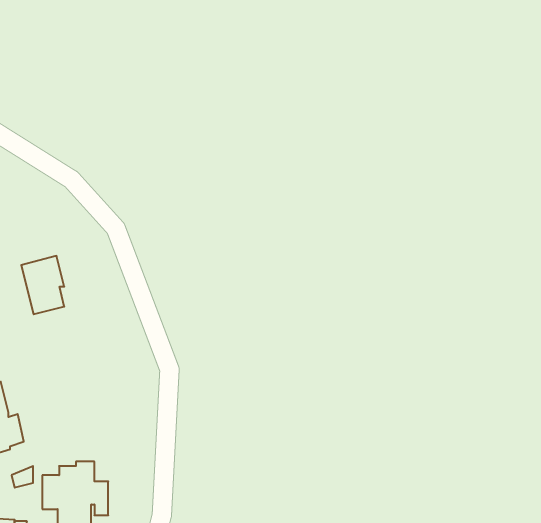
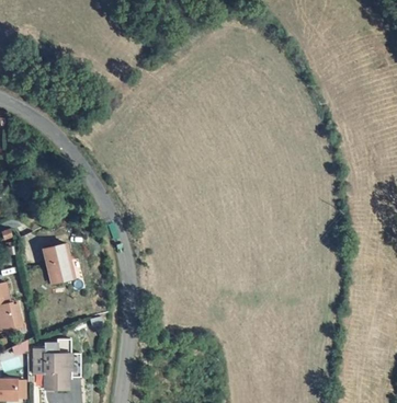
building: [21,256,64,314] -> [43,242,73,284]

